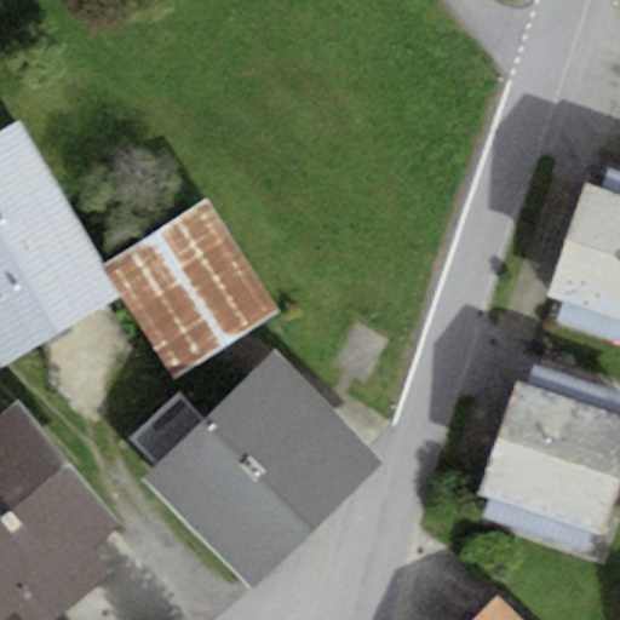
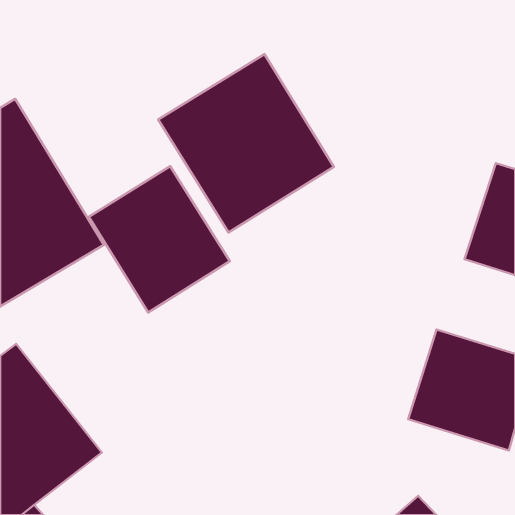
building: none -> [158,54,334,233]
building: [140,350,375,584] -> none

